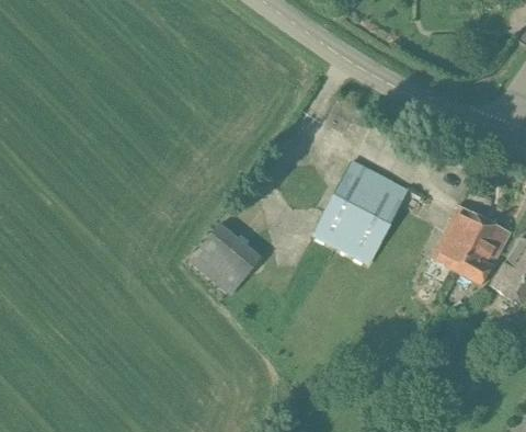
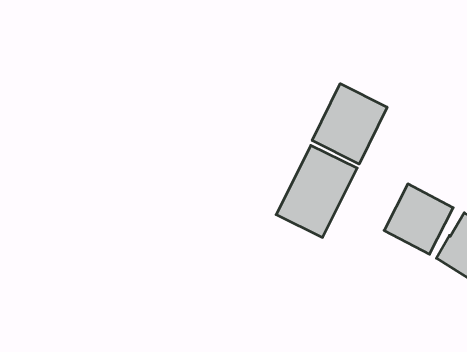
building: none -> [312,84,387,164]
building: [188,223,263,296] -> none

